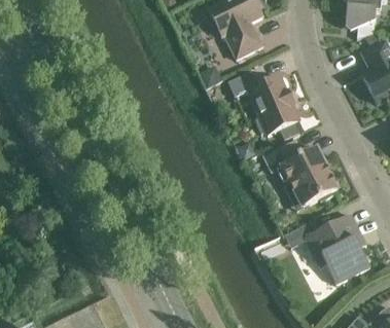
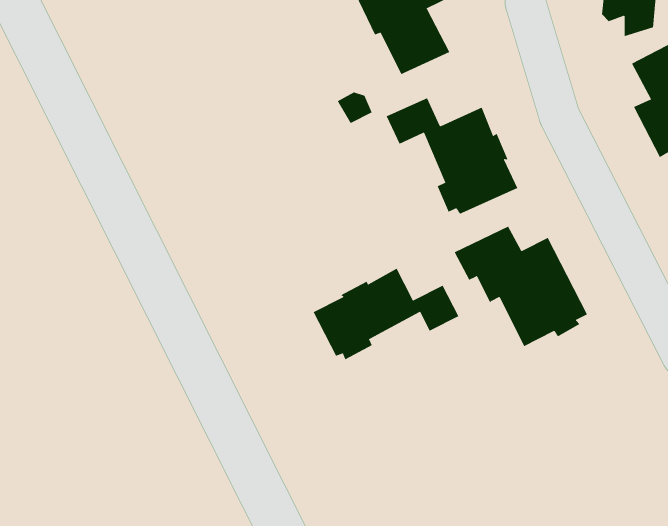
building: none -> [313,268,459,360]
building: [298,213,369,283] -> none

